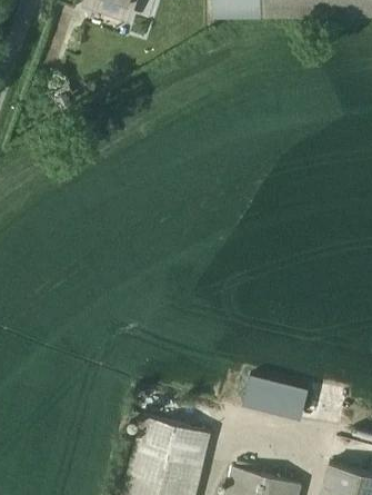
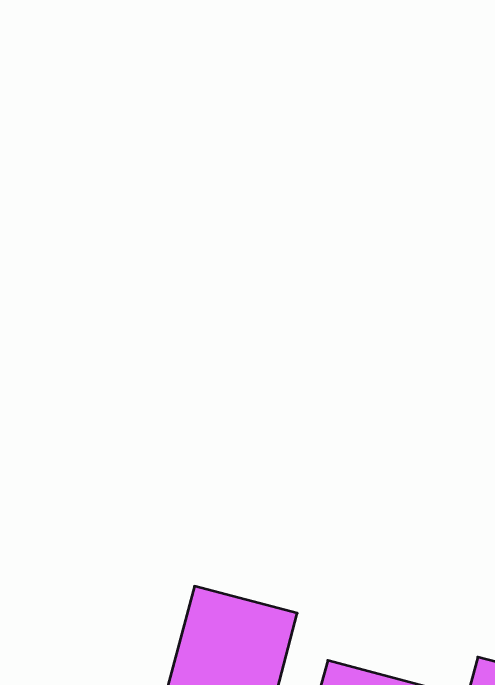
building: [238,370,306,418] -> none

